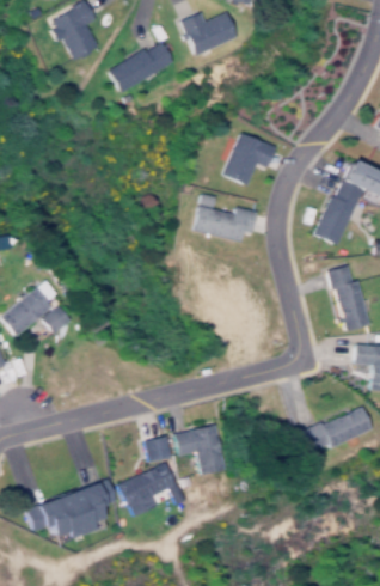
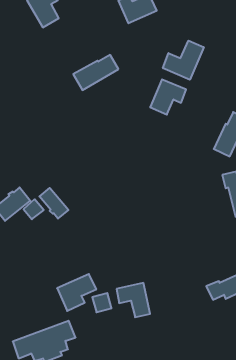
building: [106,42,171,92] -> [73,55,118,90]
building: none -> [163,41,204,80]
building: [195,206,257,242] -> none
building: none -> [39,188,68,219]
building: [119,464,176,517] -> [57,274,96,311]

